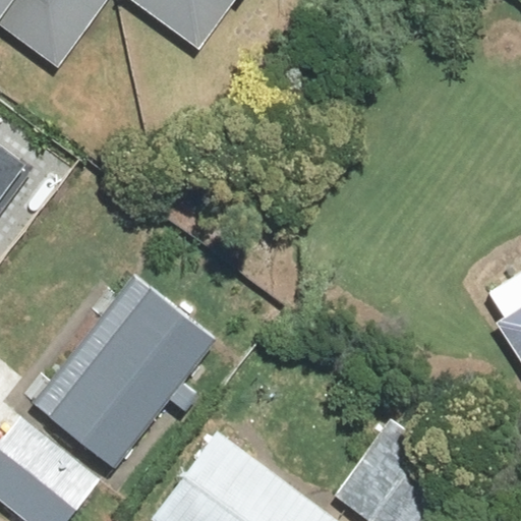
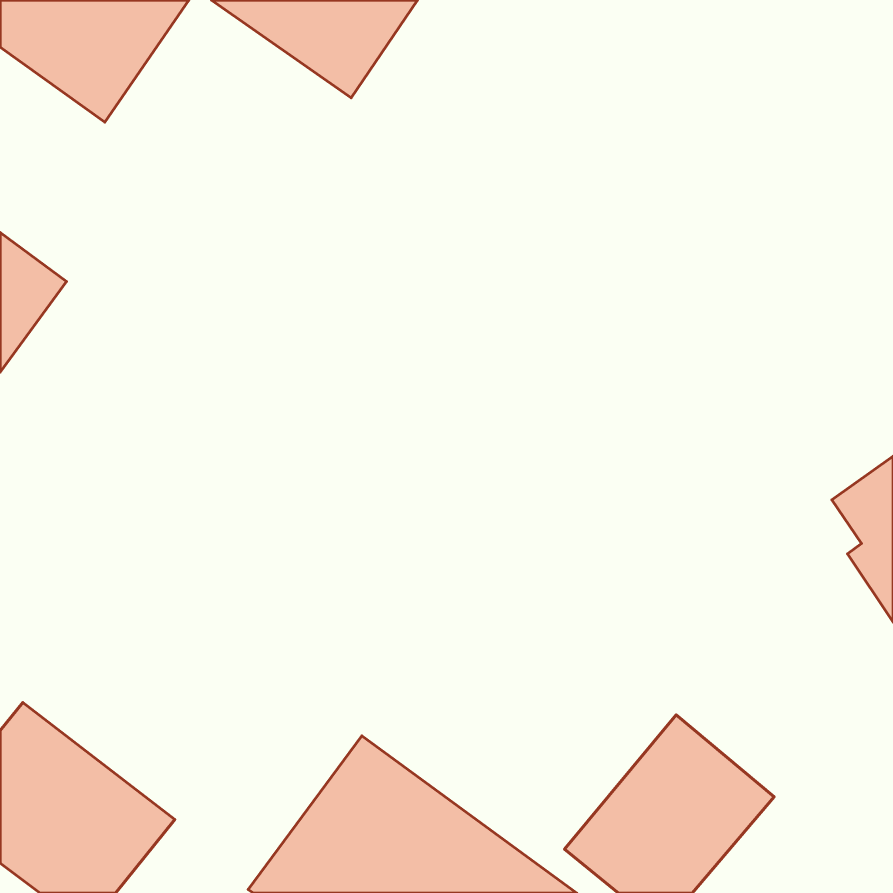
building: [30,270,216,466] -> none

